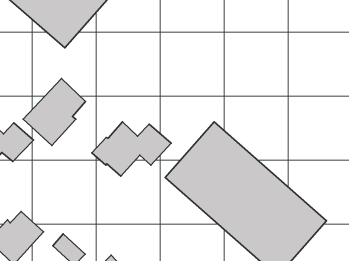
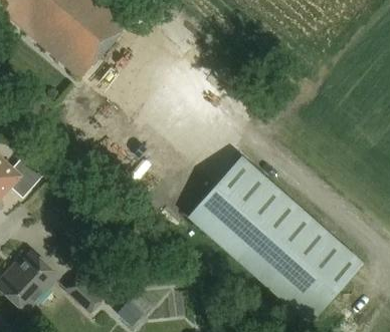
building: [23,79,86,146] -> none
building: [92,122,171,176] -> none

